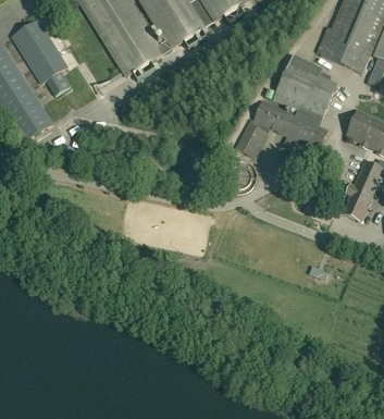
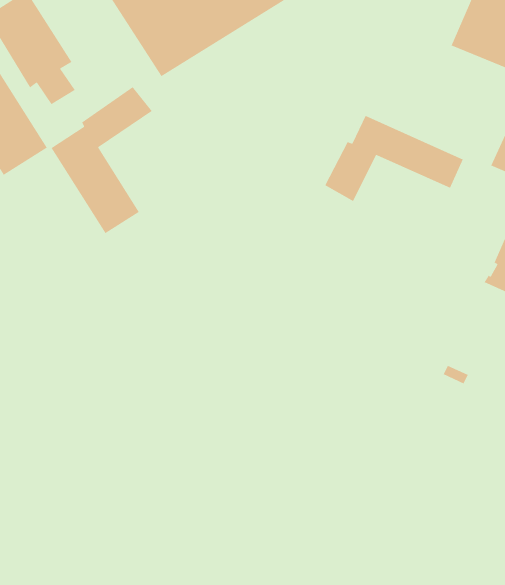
building: [271,54,336,121] -> none
building: none -> [51,86,153,234]

